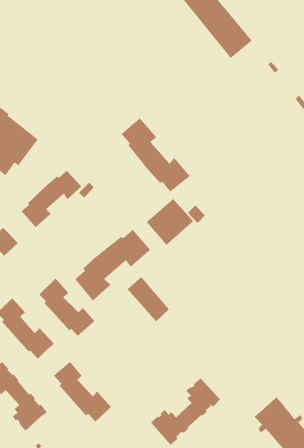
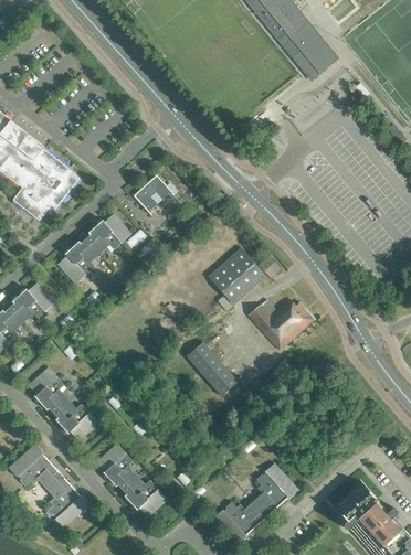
building: [120,117,191,193] -> none
building: none -> [133,174,173,215]
building: [74,228,152,302] -> none
building: none -> [246,298,314,350]
building: [38,277,95,337] -> none

